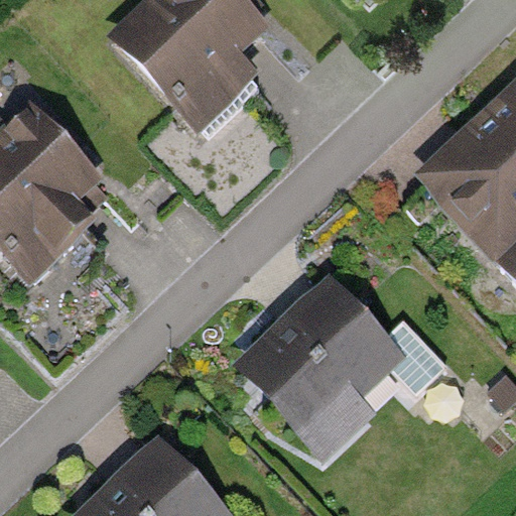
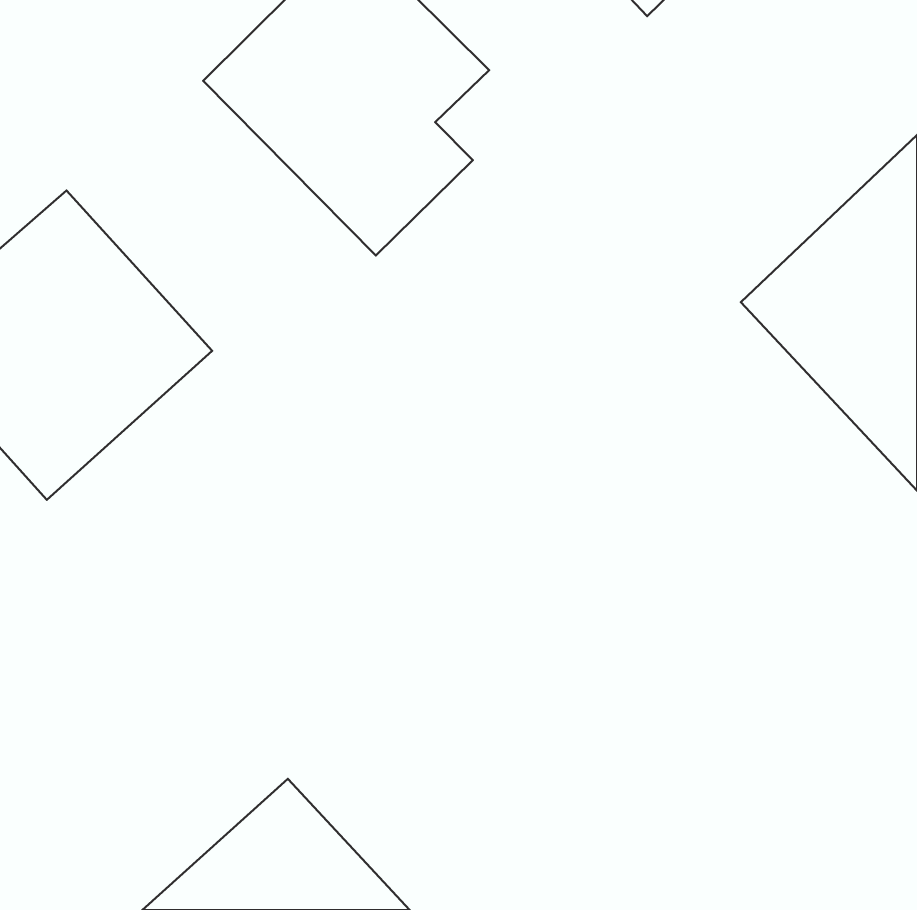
building: [236,270,427,462] -> none

